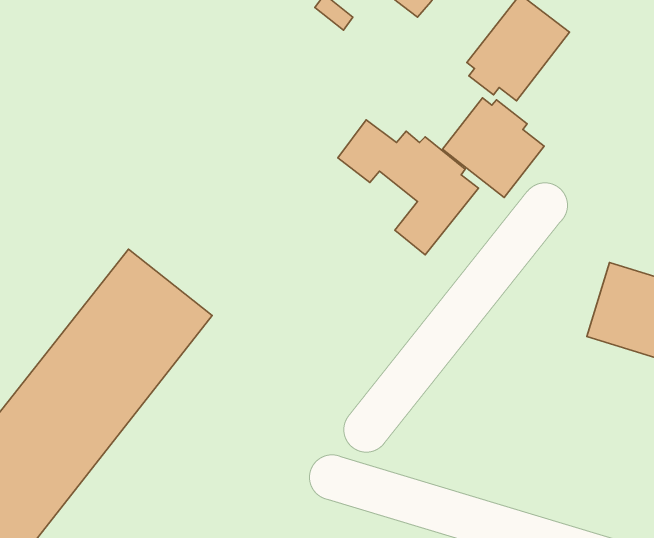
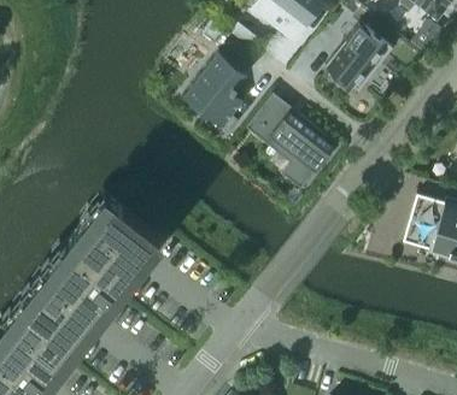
building: none -> [183,52,247,129]
building: [443,98,544,198] -> none

